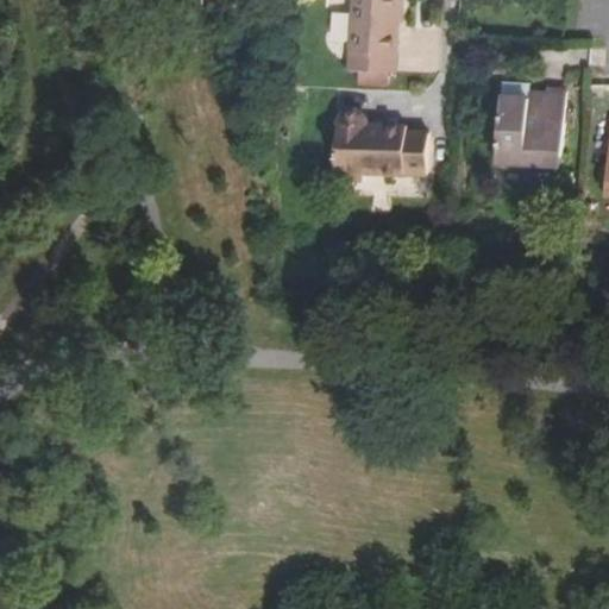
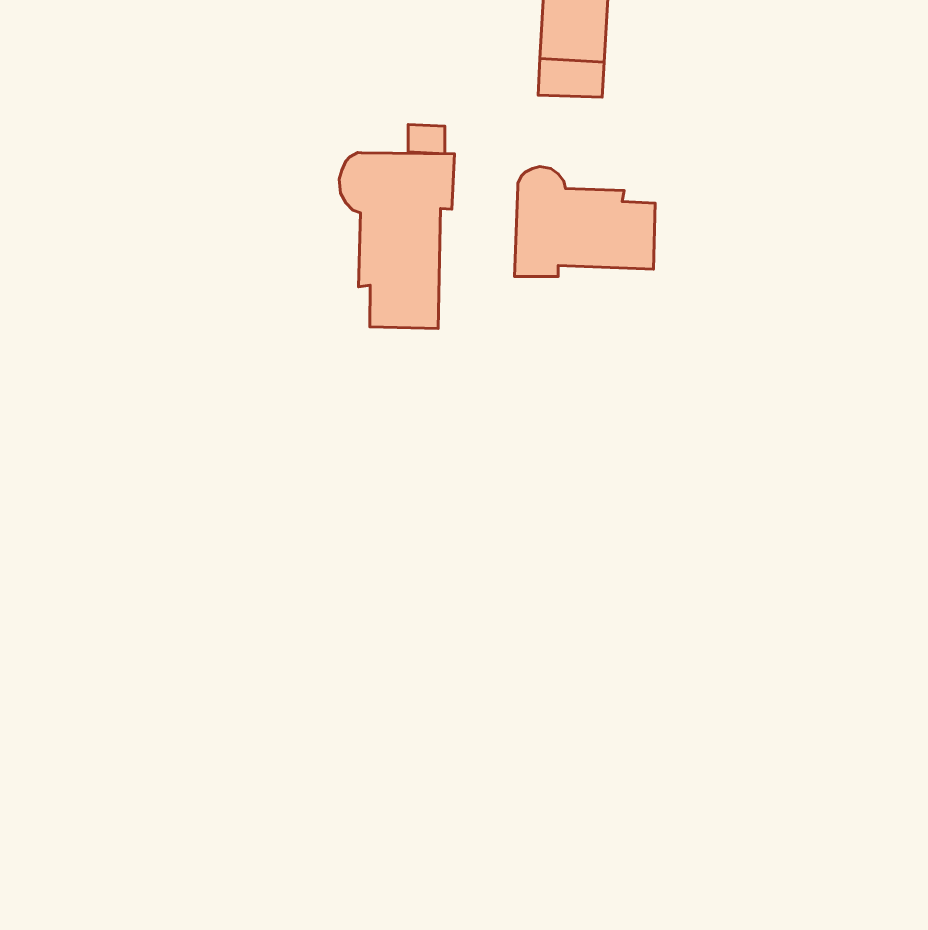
building: [495,88,563,161] -> none
building: none -> [339,153,455,329]

